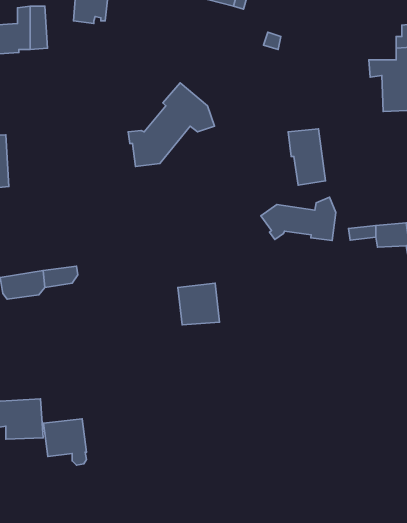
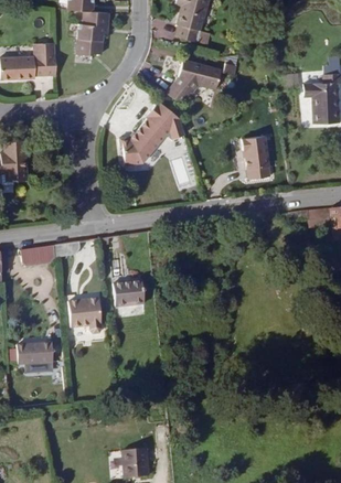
building: none -> [167,58,222,104]
building: [261,197,336,240] -> none
building: [178,283,220,325] -> [113,273,145,305]
building: [43,419,87,465] -> [68,298,102,333]

